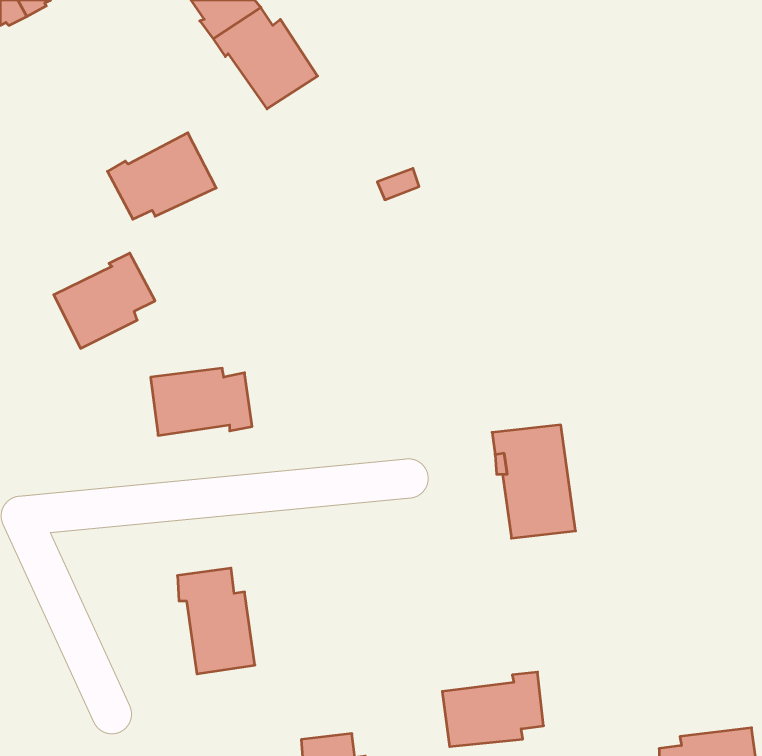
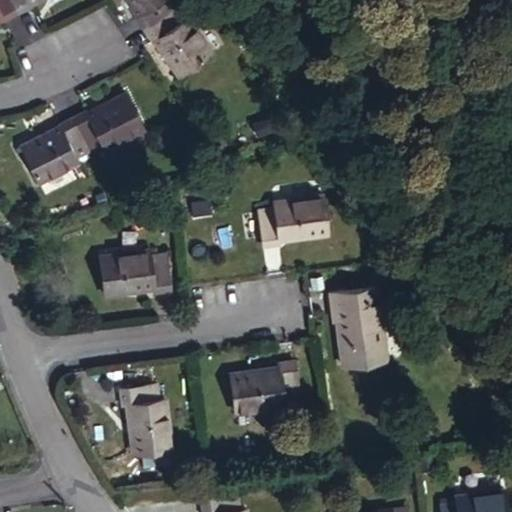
building: [54,253,155,348] -> [21,119,89,183]
building: none -> [259,197,328,247]
building: [442,672,544,747] -> [230,362,298,412]

